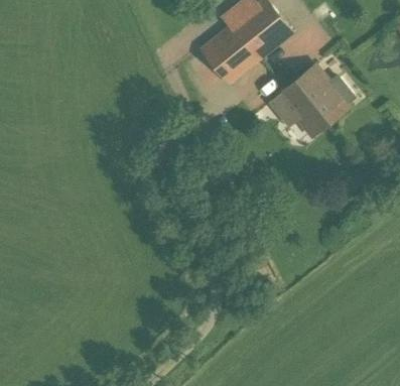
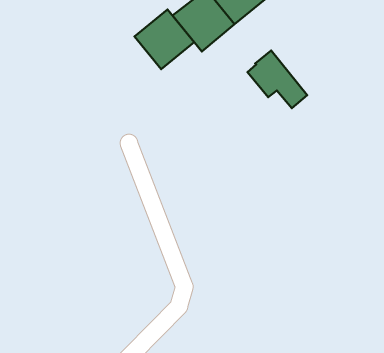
building: none -> [134,10,194,69]
building: [291,68,355,124] -> none

